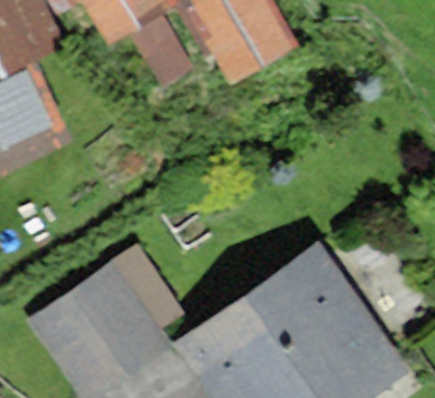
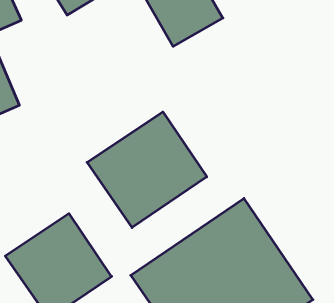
building: none -> [87,112,207,228]

